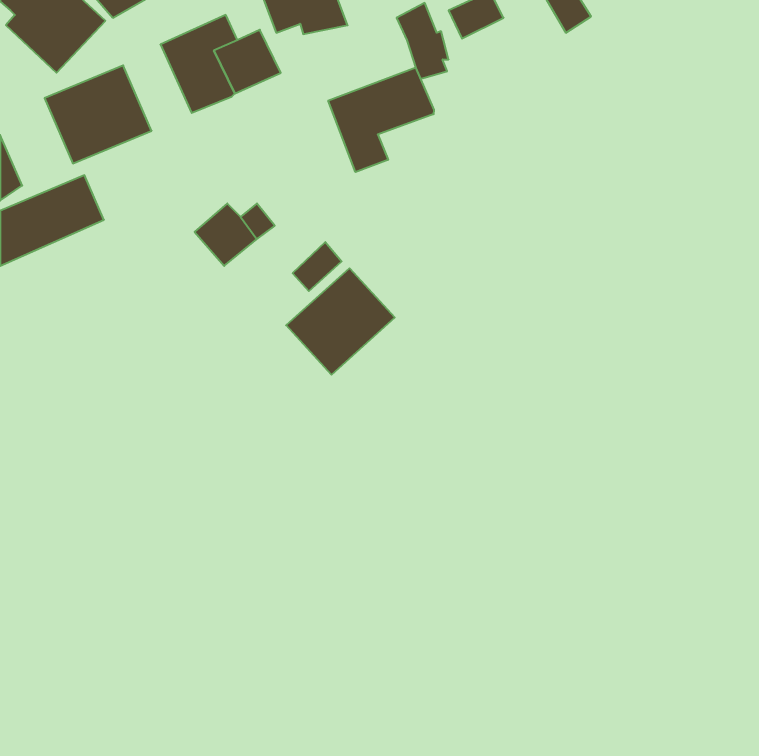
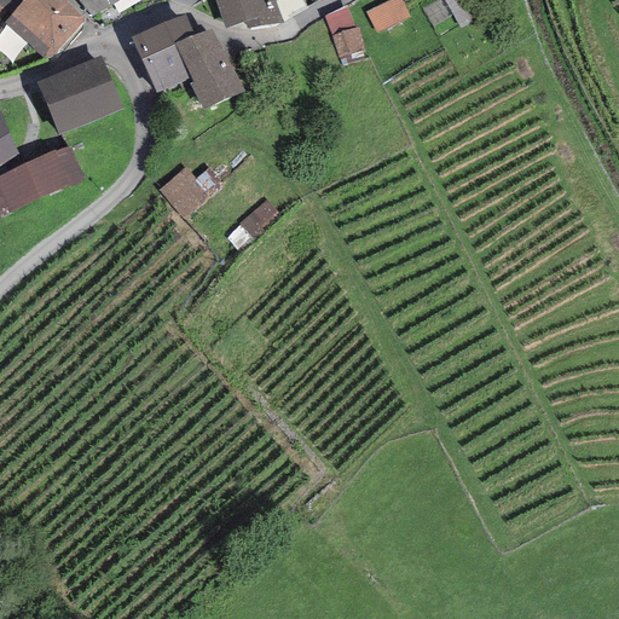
building: [328,67,434,172] -> none
building: none -> [189,59,243,109]
building: [286,268,395,375] -> none

